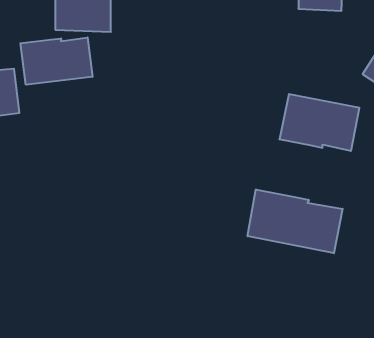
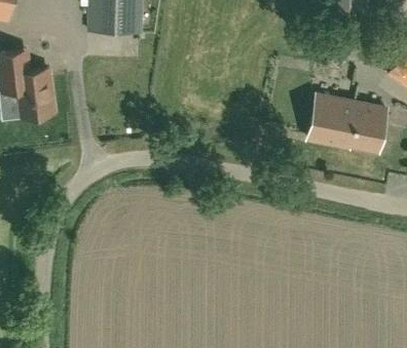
building: [20,37,92,85] -> none
building: [248,189,343,253] -> none

